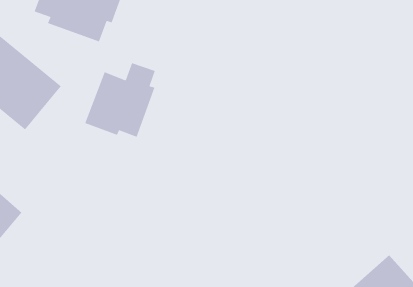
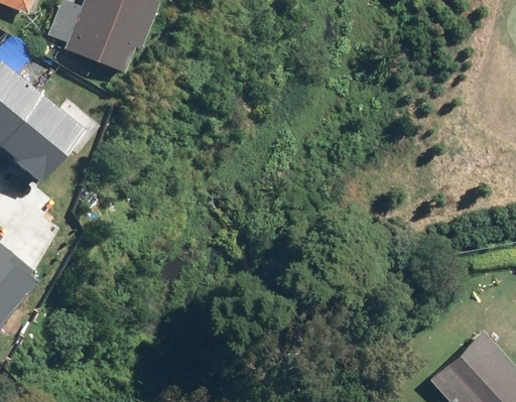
building: [84,62,156,138] -> none

